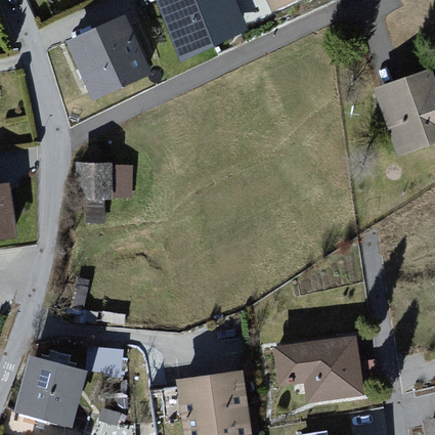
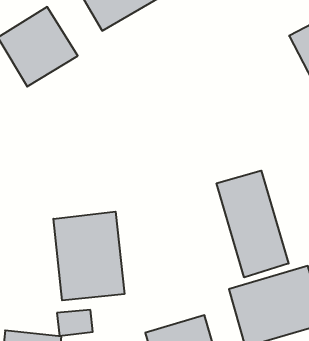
building: [80,164,133,202] -> none
building: none -> [217,171,289,277]
building: none -> [53,212,124,300]

